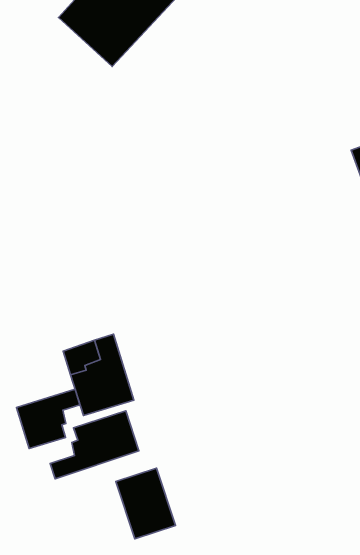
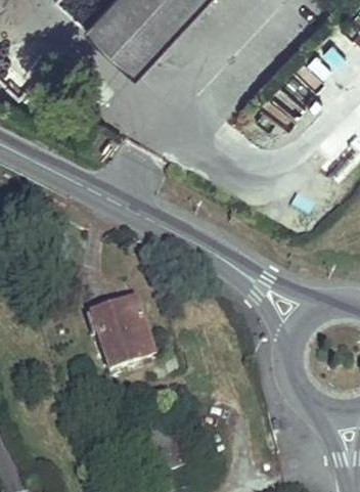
building: [16,389,80,448] -> none
building: [50,411,139,479] -> none

